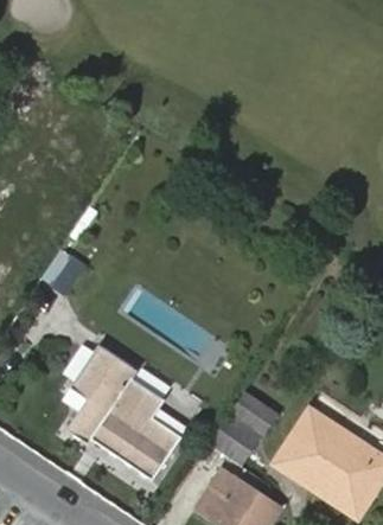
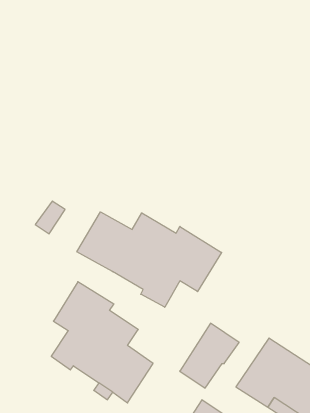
building: none -> [77,212,222,307]

